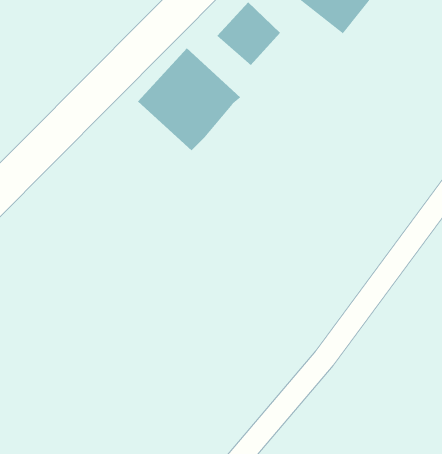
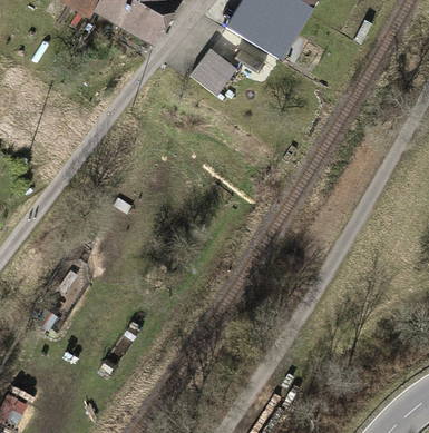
building: [137,47,241,151] -> none

